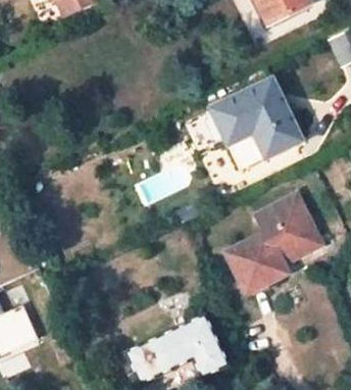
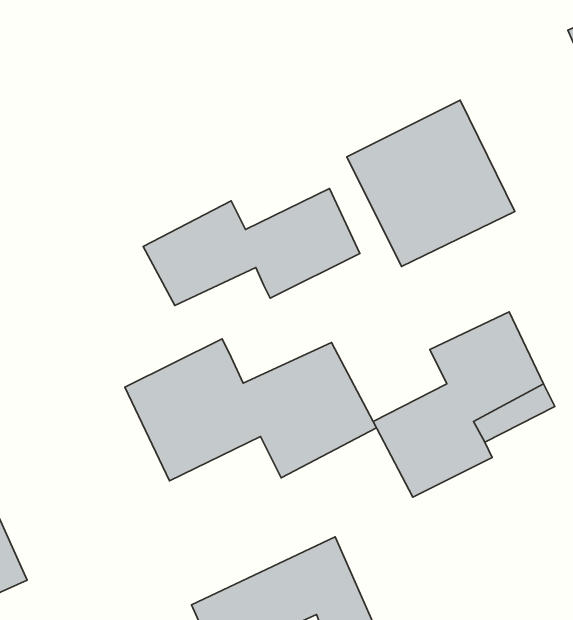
building: none -> [143,188,360,306]
building: none -> [125,339,377,481]

